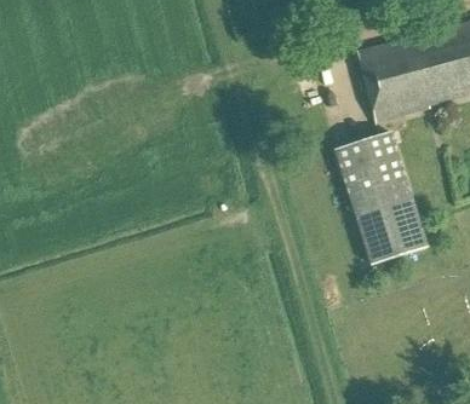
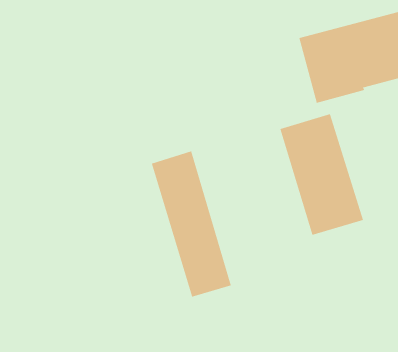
building: none -> [151,151,231,298]

